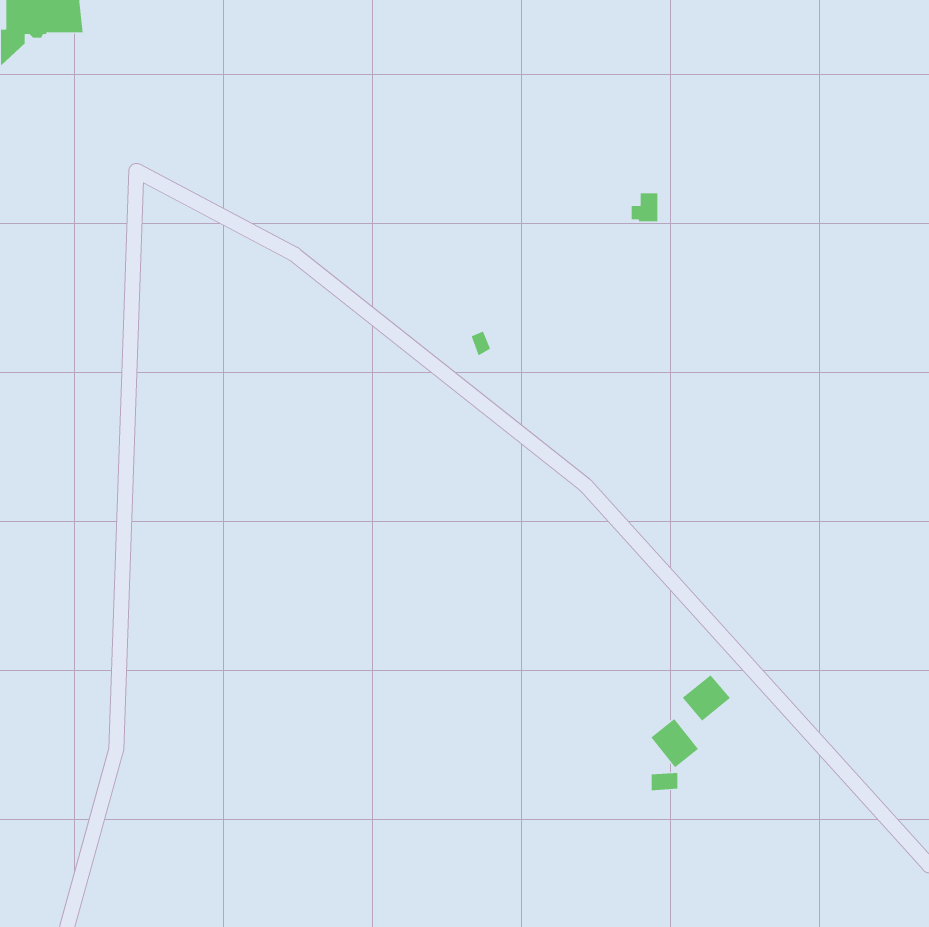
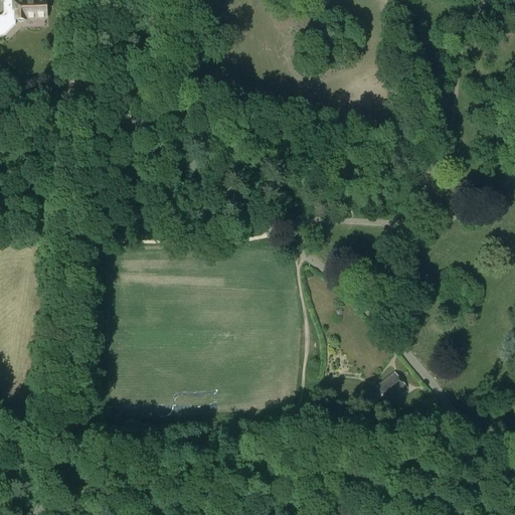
building: [651,718,699,768] -> none

